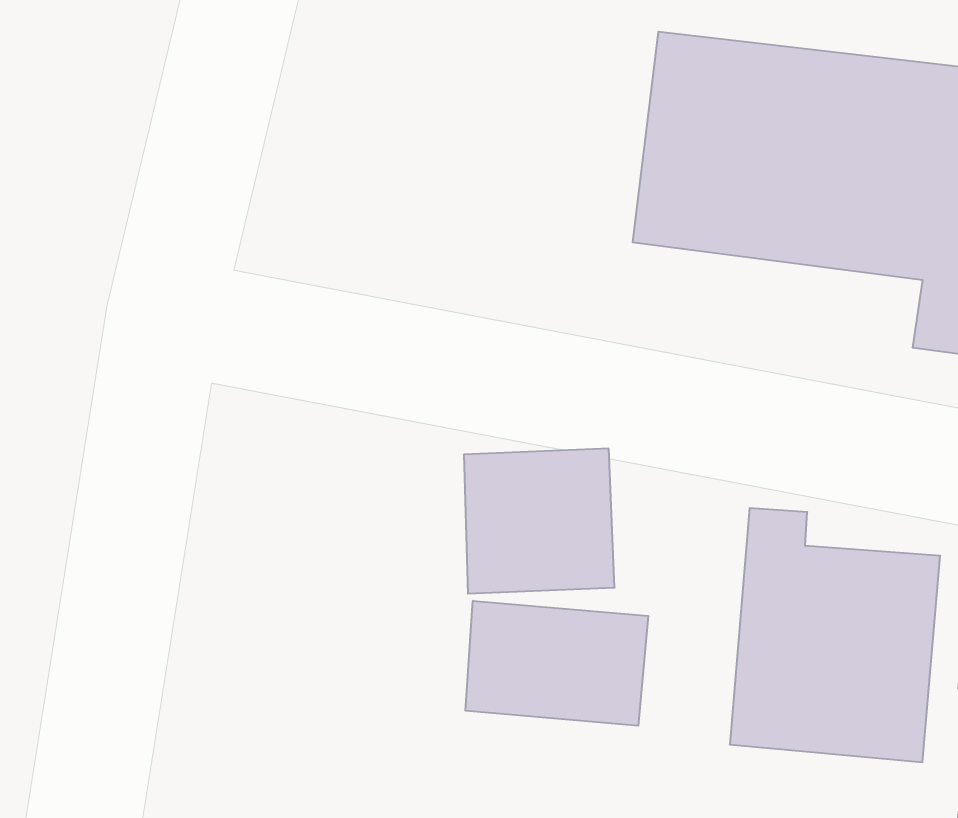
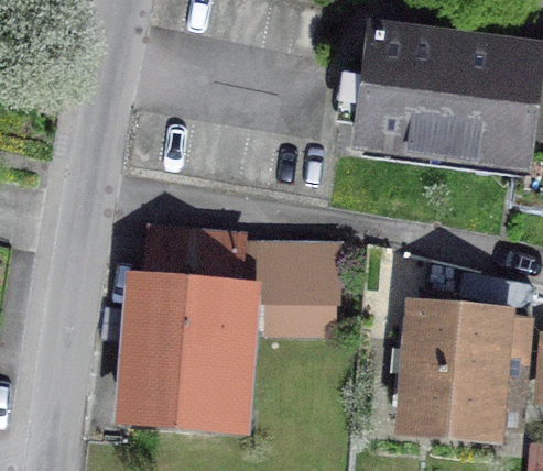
building: none -> [132,236,242,418]
building: [465,601,648,726] -> none

